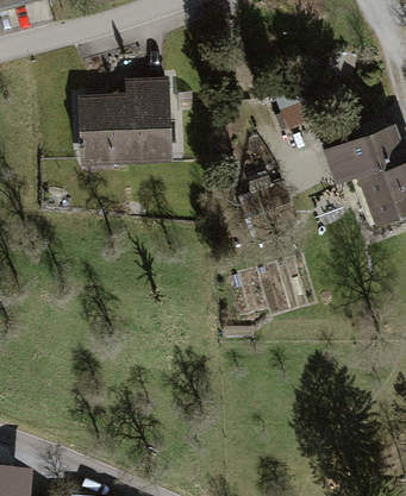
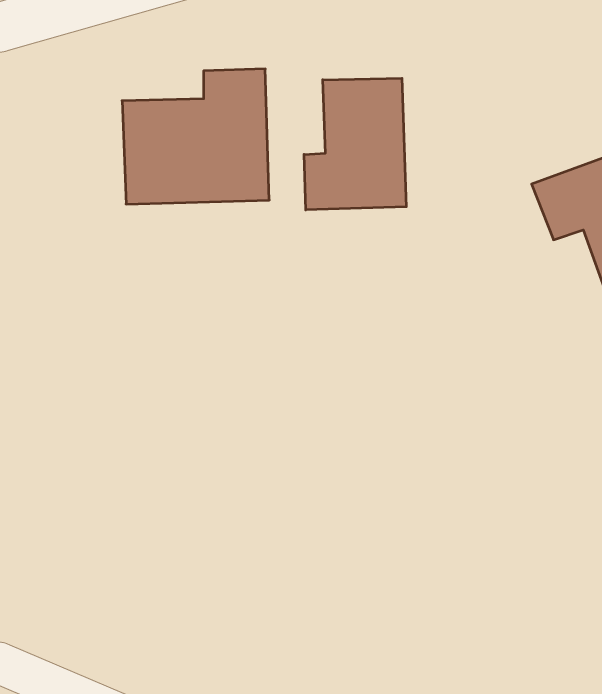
building: none -> [304,78,406,210]

